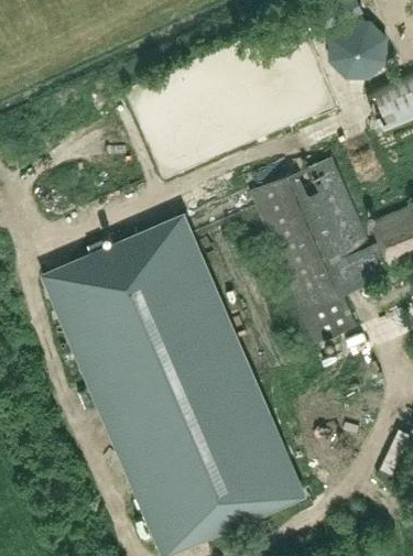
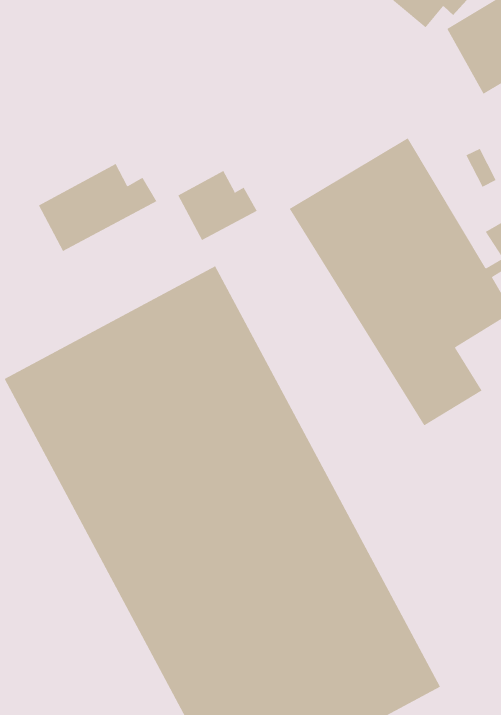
building: none -> [38,163,157,252]
building: none -> [178,170,258,241]

